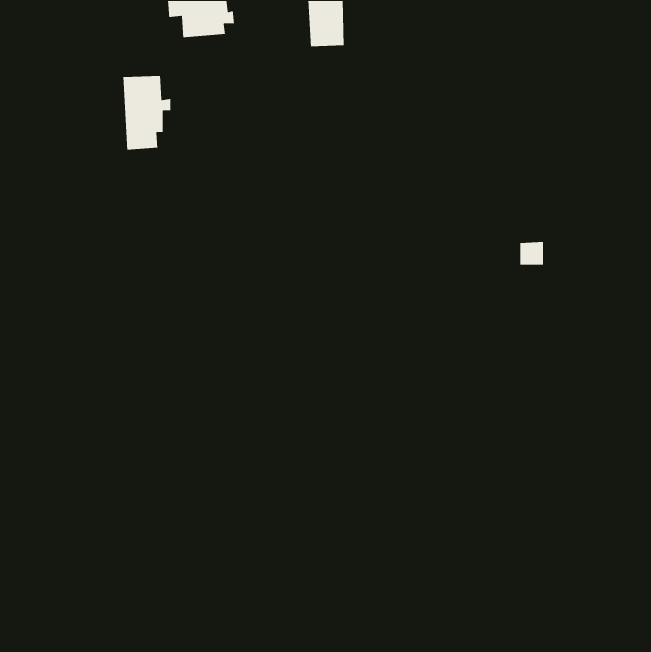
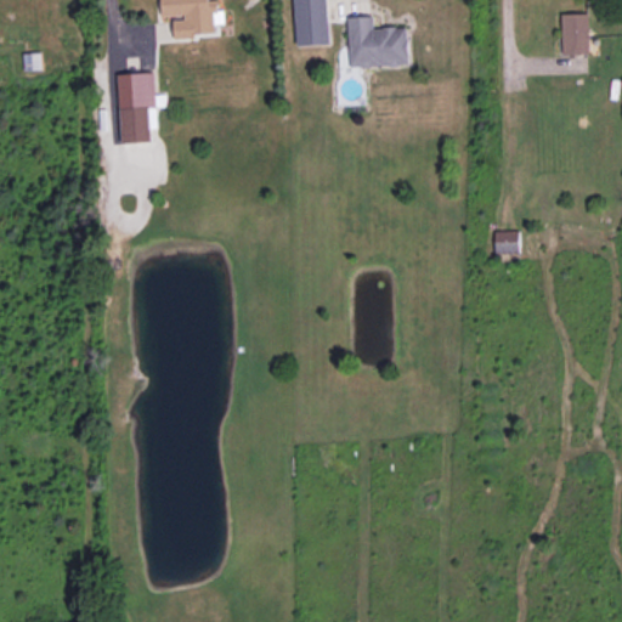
building: none -> [560,12,588,52]
building: none -> [346,15,408,67]

